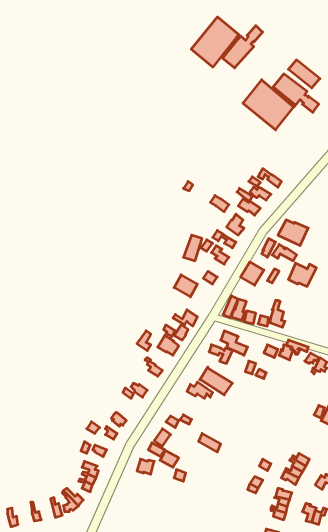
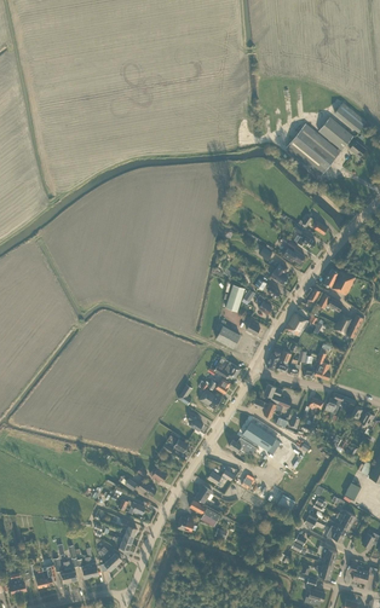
building: [191,17,263,68] -> none

